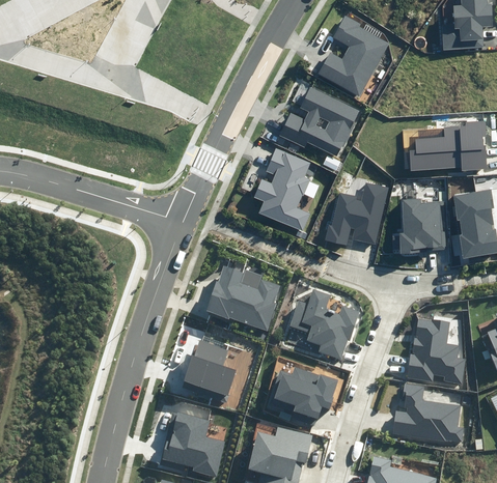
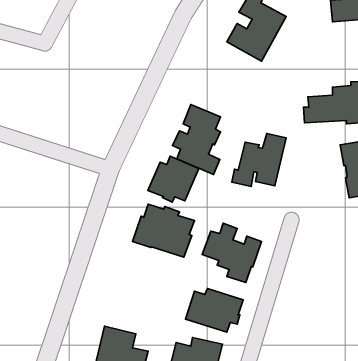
building: [279,87,358,157] -> none
building: [398,198,446,253] -> none
building: none -> [148,156,199,202]
building: [407,318,465,383] -> none
building: [181,341,237,403] -> none
building: [391,385,462,443] -> none

